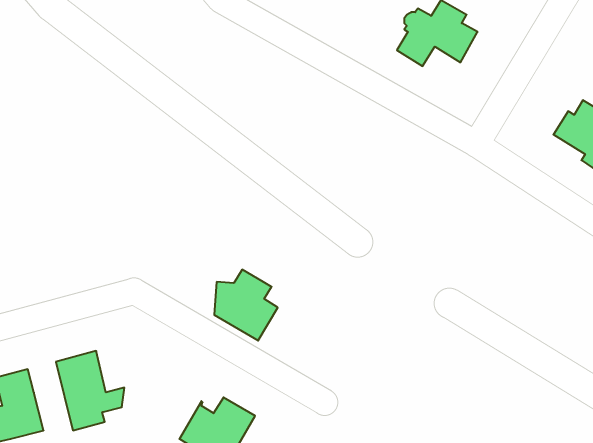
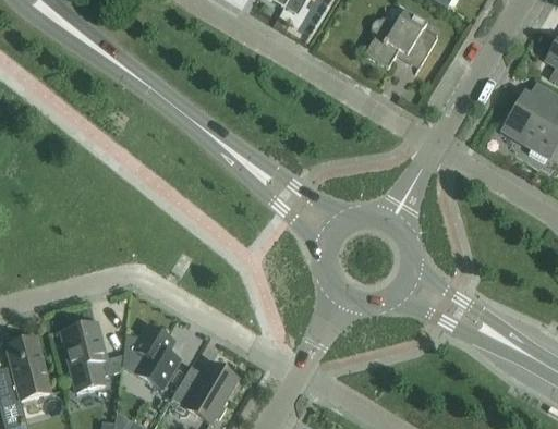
building: [214,270,278,341] -> [123,323,180,387]

